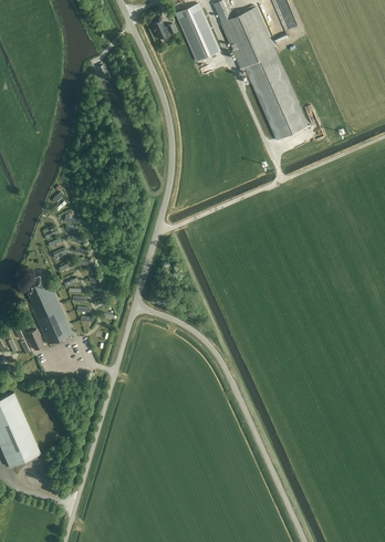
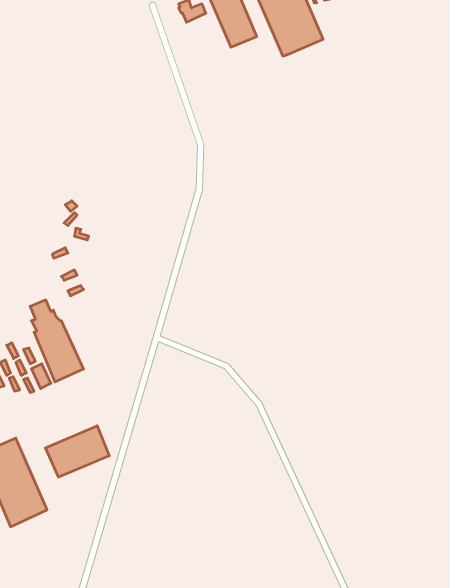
building: [244,54,308,140] -> none
building: none -> [45,426,109,477]

